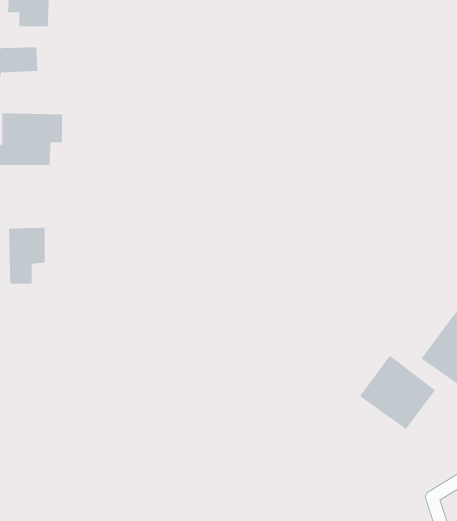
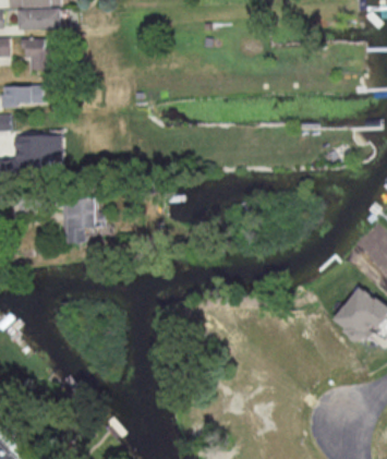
building: [8,227,45,284] -> [66,198,95,242]
building: [359,355,436,430] -> none

